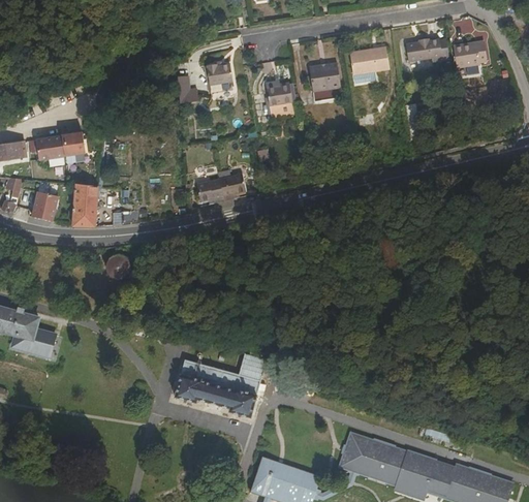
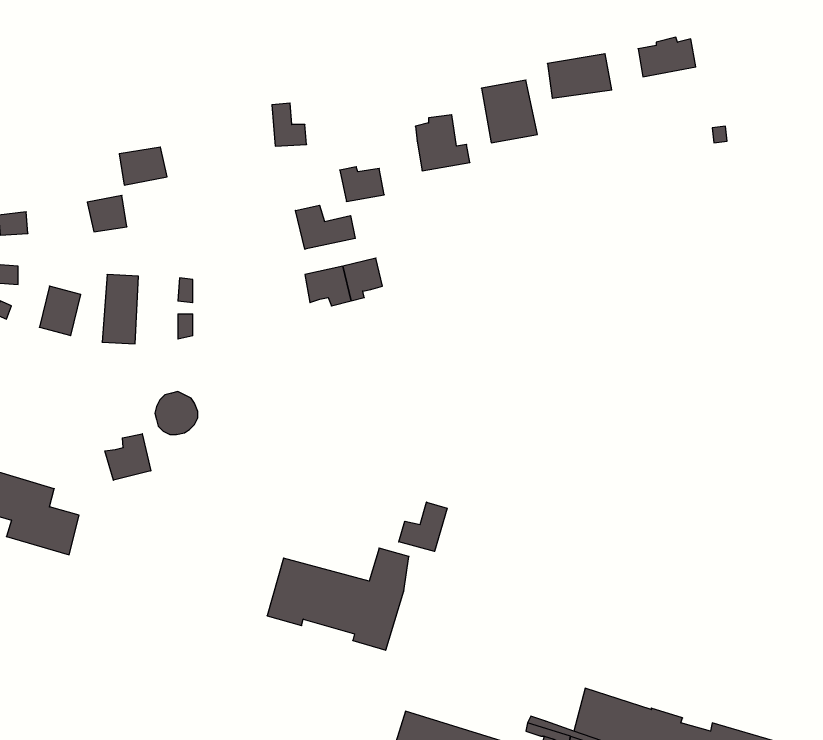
building: [454,44,488,67] -> none
building: [206,63,234,85] -> [340,167,384,201]
building: [36,137,66,161] -> [119,147,167,185]
building: none -> [295,205,355,249]
building: none -> [105,434,151,480]
building: none -> [399,502,447,551]
building: [340,434,374,469] -> none

